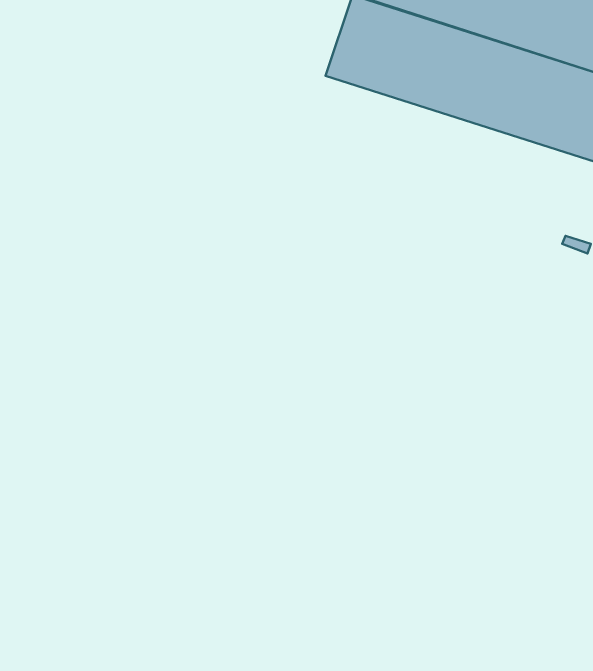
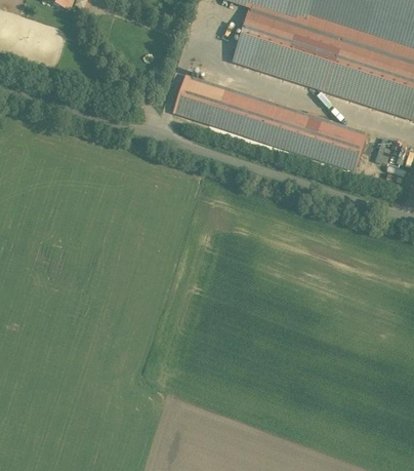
building: none -> [171,74,365,170]

